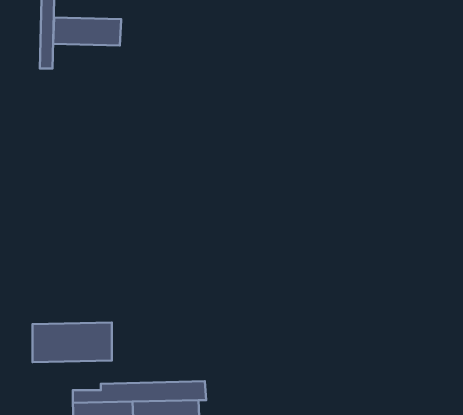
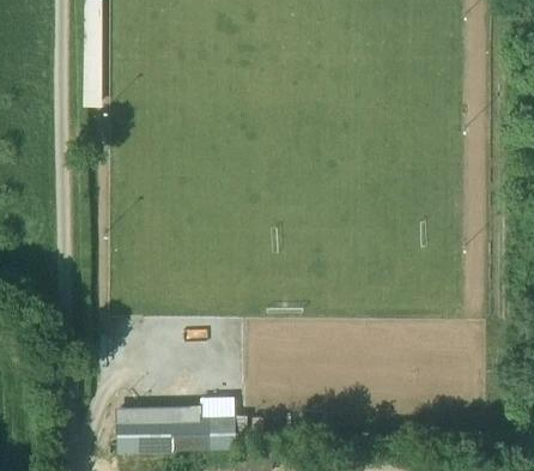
building: [53,18,121,45] -> none
building: [33,322,112,362] -> none

